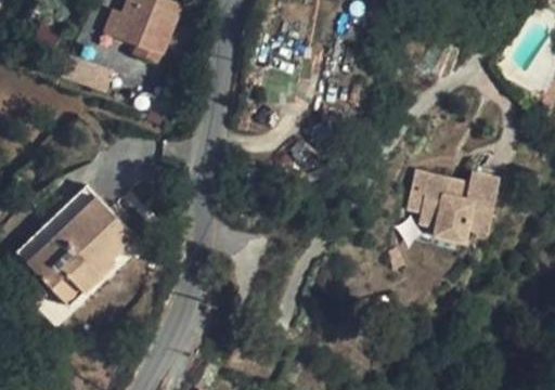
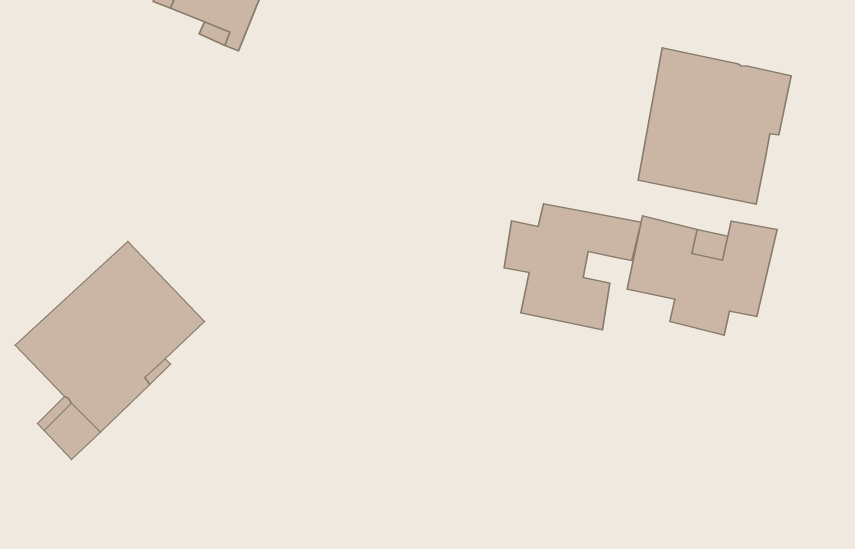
building: none -> [638,48,791,204]
building: none -> [504,204,641,330]

